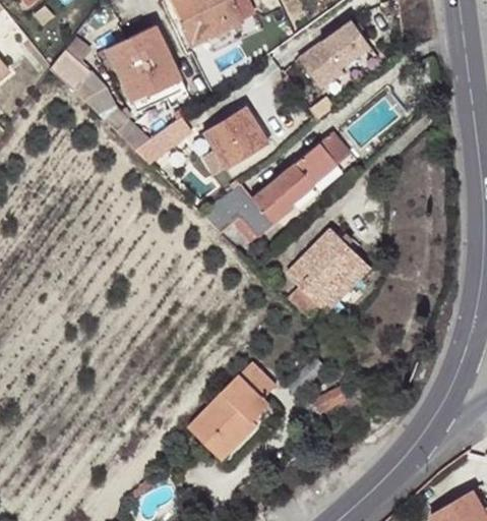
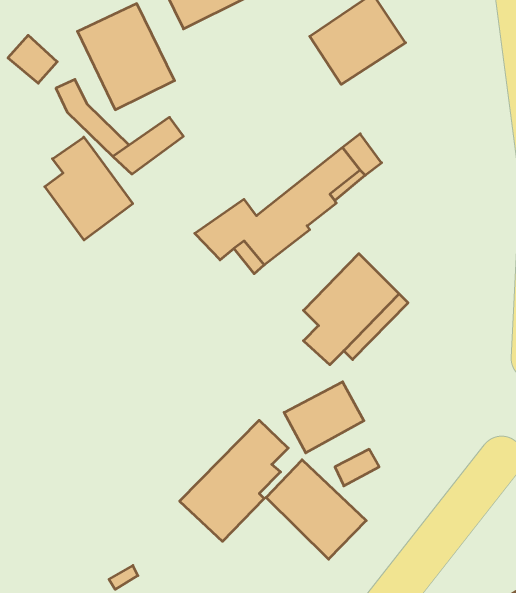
building: [202,104,270,169] -> none
building: none -> [45,137,133,240]
building: none -> [284,382,364,453]
building: none -> [266,460,366,559]

